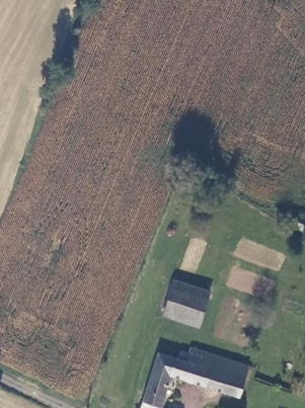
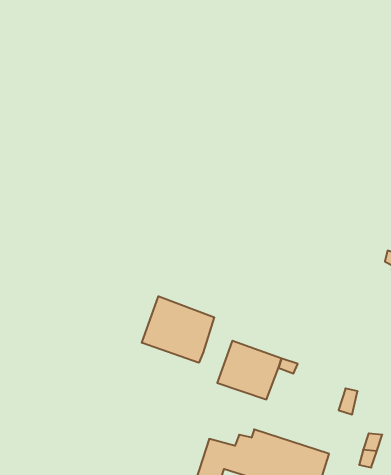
building: none -> [142,296,214,363]

